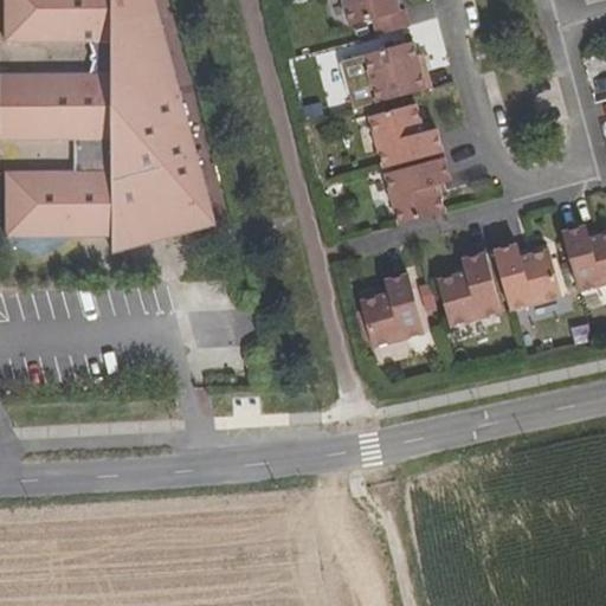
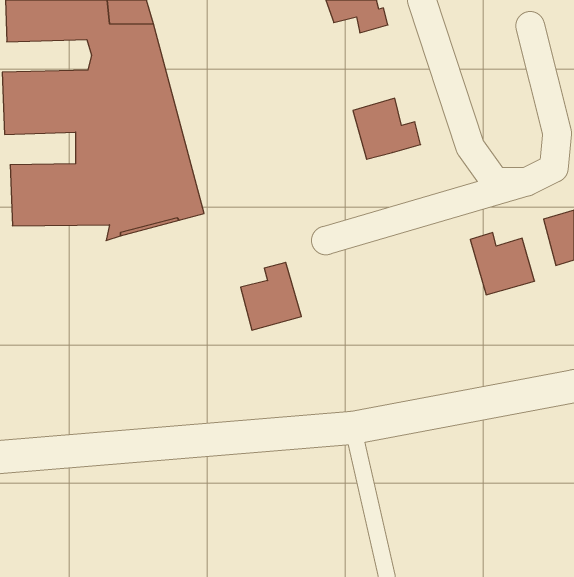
building: [363,41,425,102] -> none
building: [393,152,451,218] -> none
building: [426,257,485,317] -> none
building: [361,275,425,346] -> [241,262,301,330]

